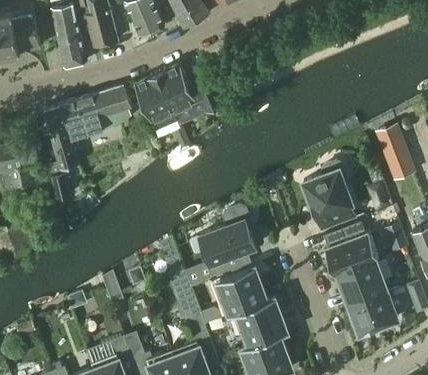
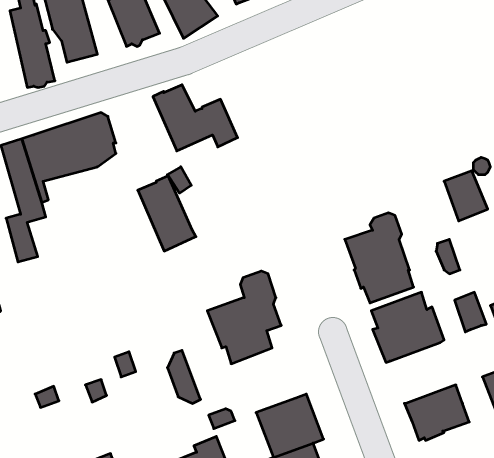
building: [135,74,179,131] -> [138,176,196,251]
building: [337,260,387,306] -> none
building: [216,267,266,316] -> none

